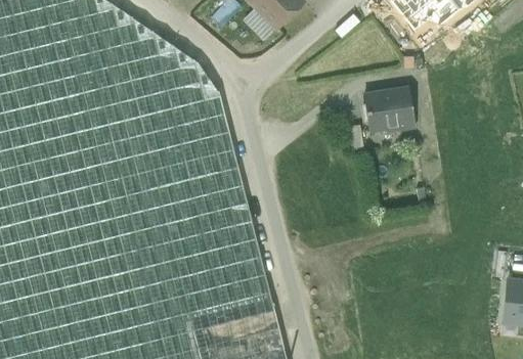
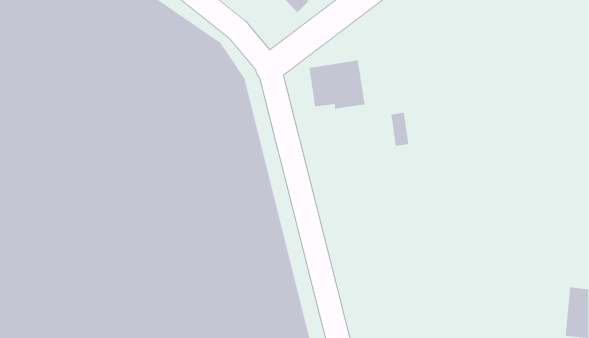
building: [363,89,413,133] -> [309,59,366,109]

